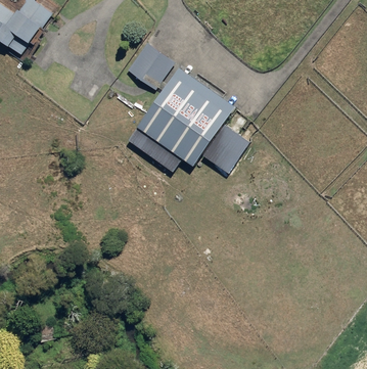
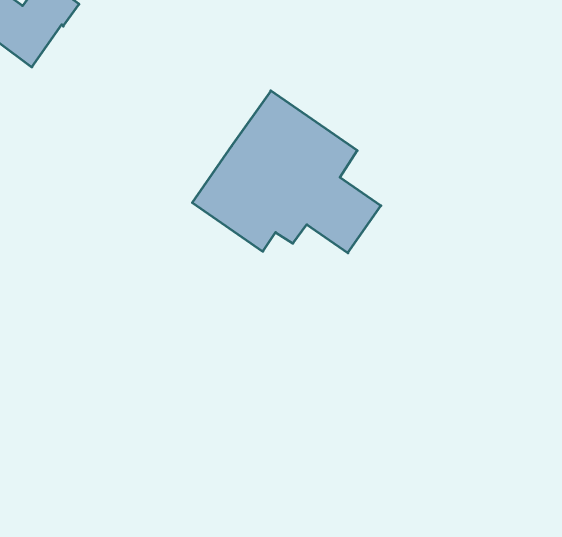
building: [128,44,175,91] -> none

